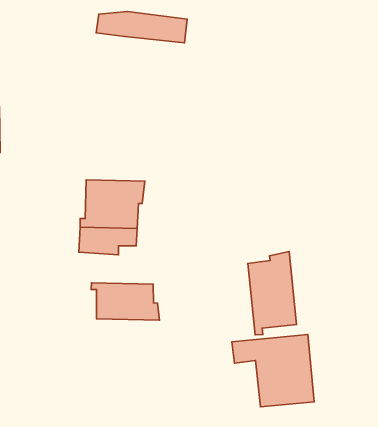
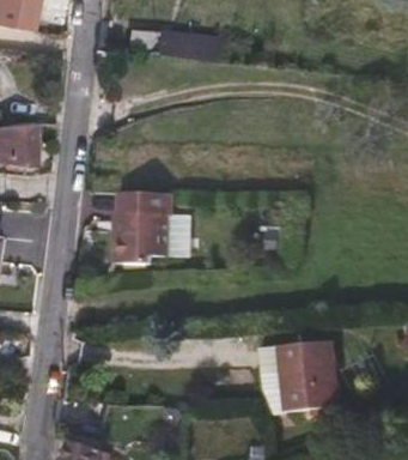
building: [248,251,296,335] -> none
building: [91,283,159,320] -> none

